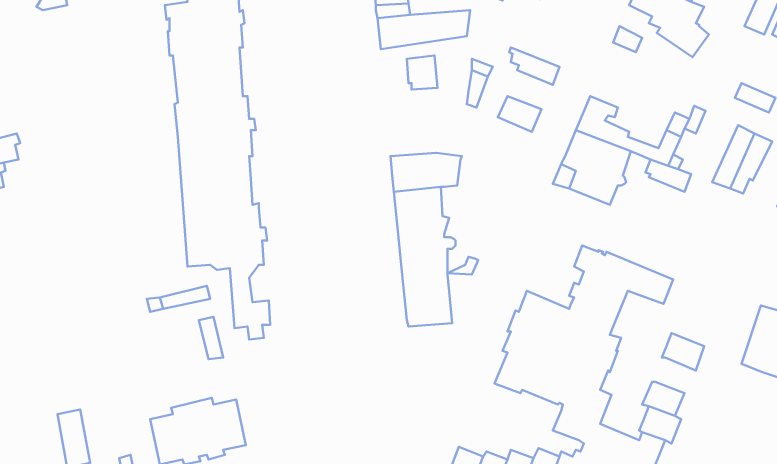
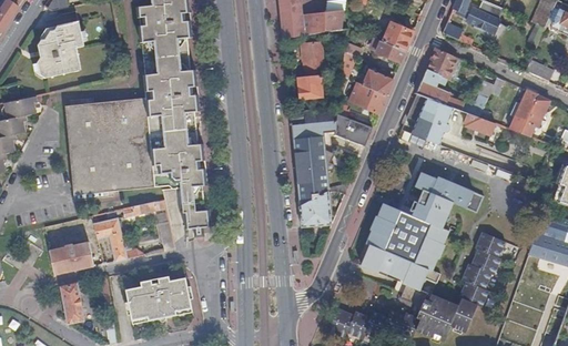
building: none -> [38,21,84,77]
building: none -> [383,21,413,49]
building: none -> [426,47,457,79]
building: none -> [297,63,323,98]
building: none -> [348,81,386,112]
building: none -> [64,96,151,193]
building: none -> [335,112,373,142]
building: none -> [94,217,145,260]
building: none -> [50,241,94,274]
building: none -> [470,247,500,274]

